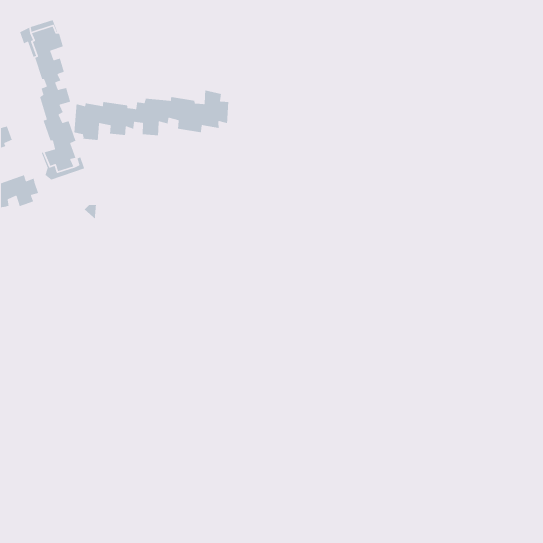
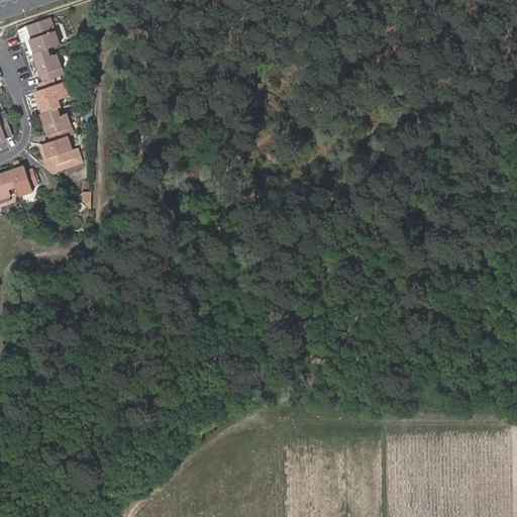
building: [74,89,229,141] -> none

